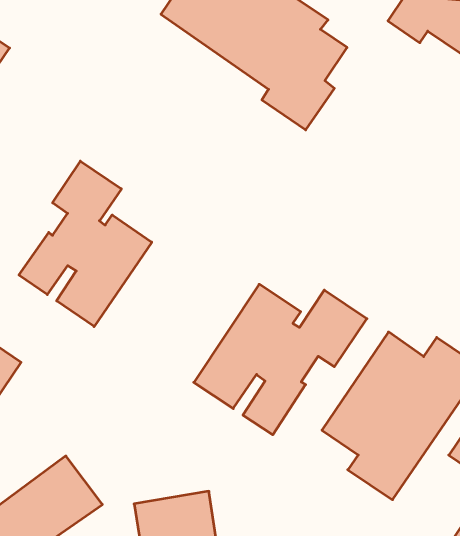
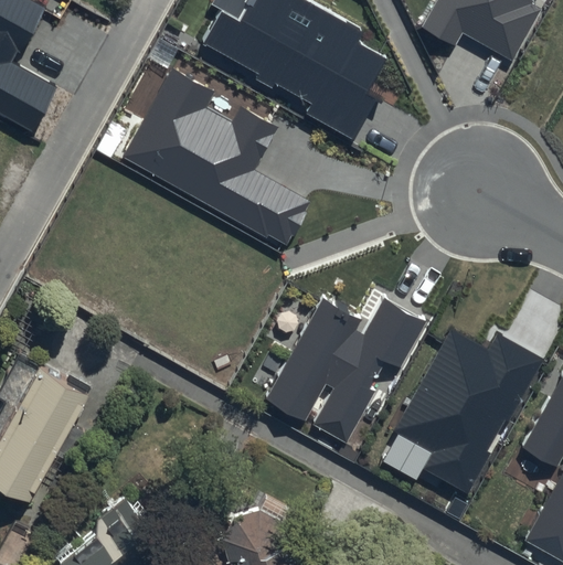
building: none -> [121,68,309,249]
building: [19,161,152,327] -> none

